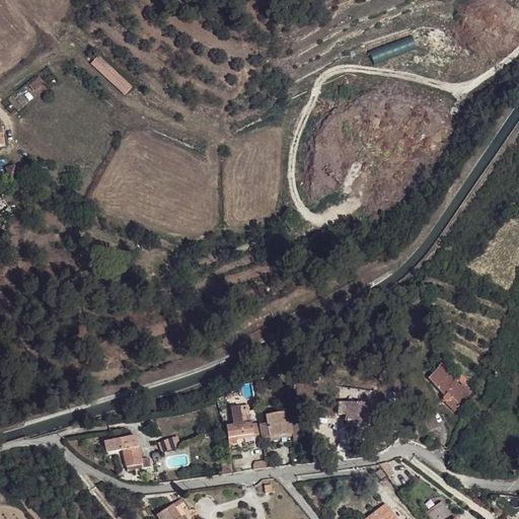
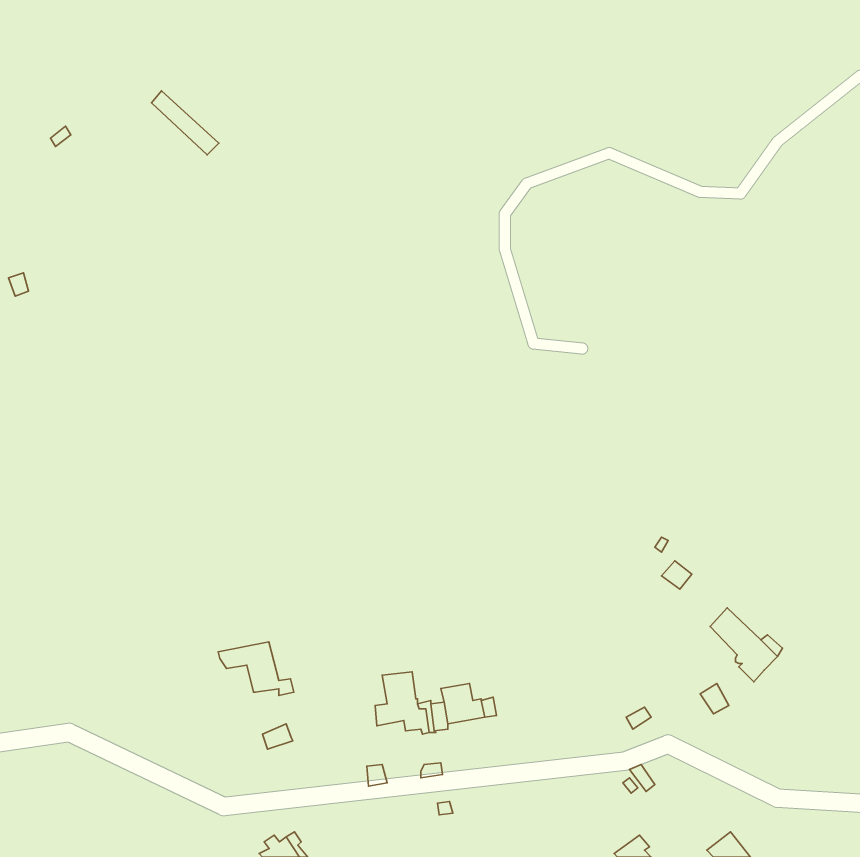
building: [338,401,369,426] -> none
building: [104,435,150,467] -> [218,642,294,696]

